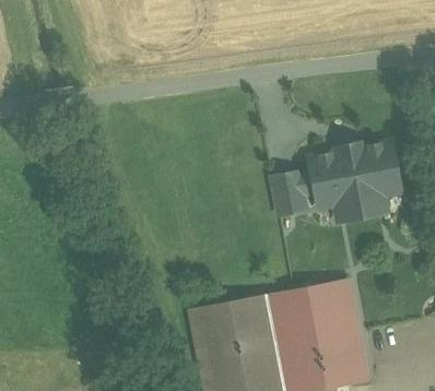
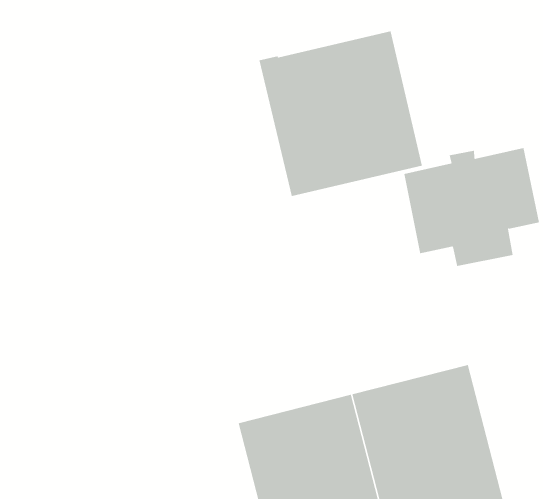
building: none -> [259,31,423,197]
building: [270,168,305,210] -> none

